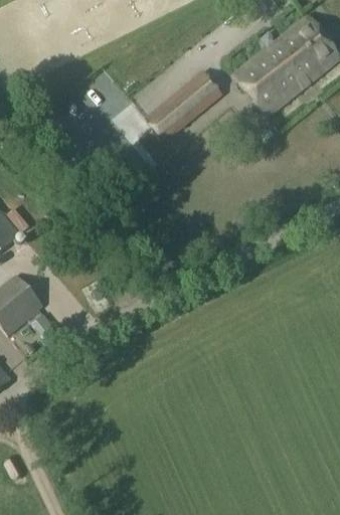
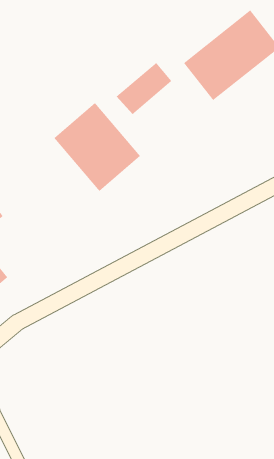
building: none -> [54,102,141,192]

